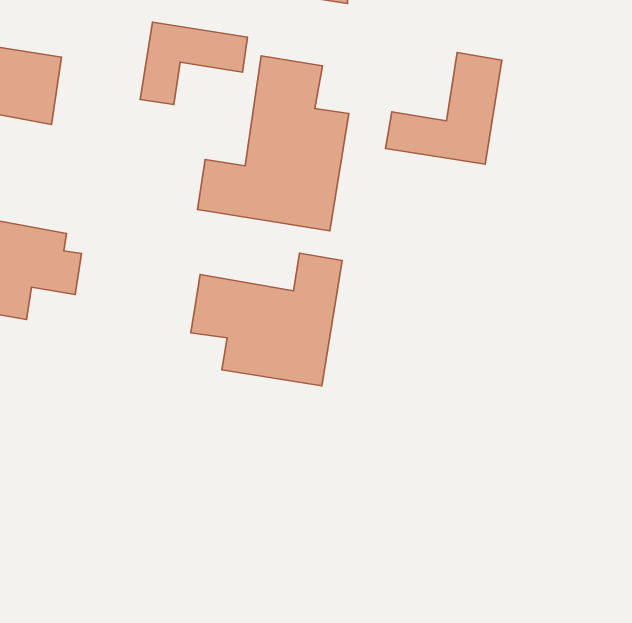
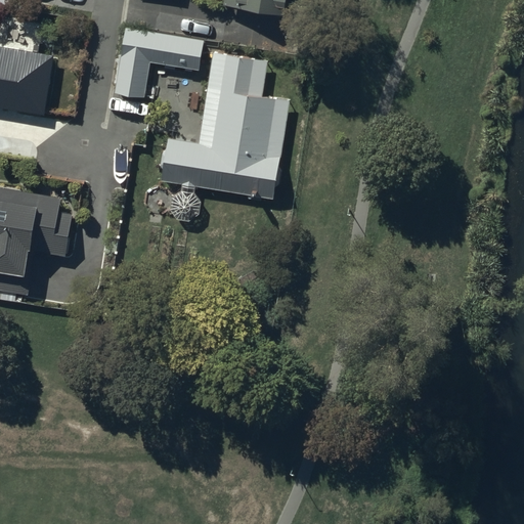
building: [386,52,502,164] -> none
building: [191,253,342,386] -> none

